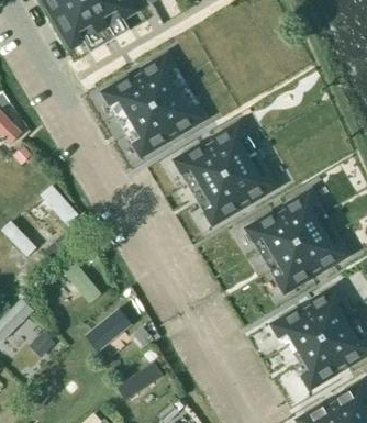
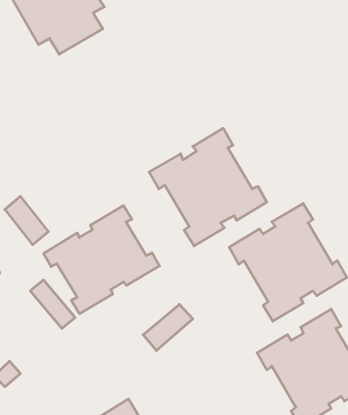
building: [99,53,205,159] -> none
building: none -> [44,206,160,314]
building: [85,314,130,356] -> [143,304,193,351]

